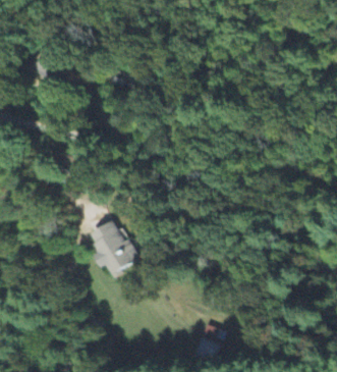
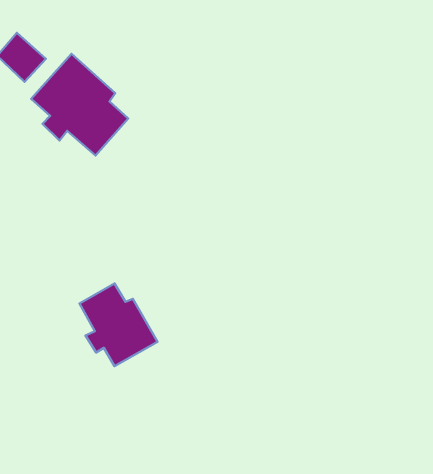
building: none -> [31,54,128,155]

